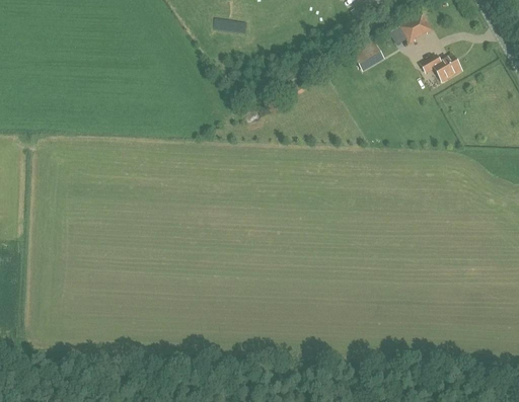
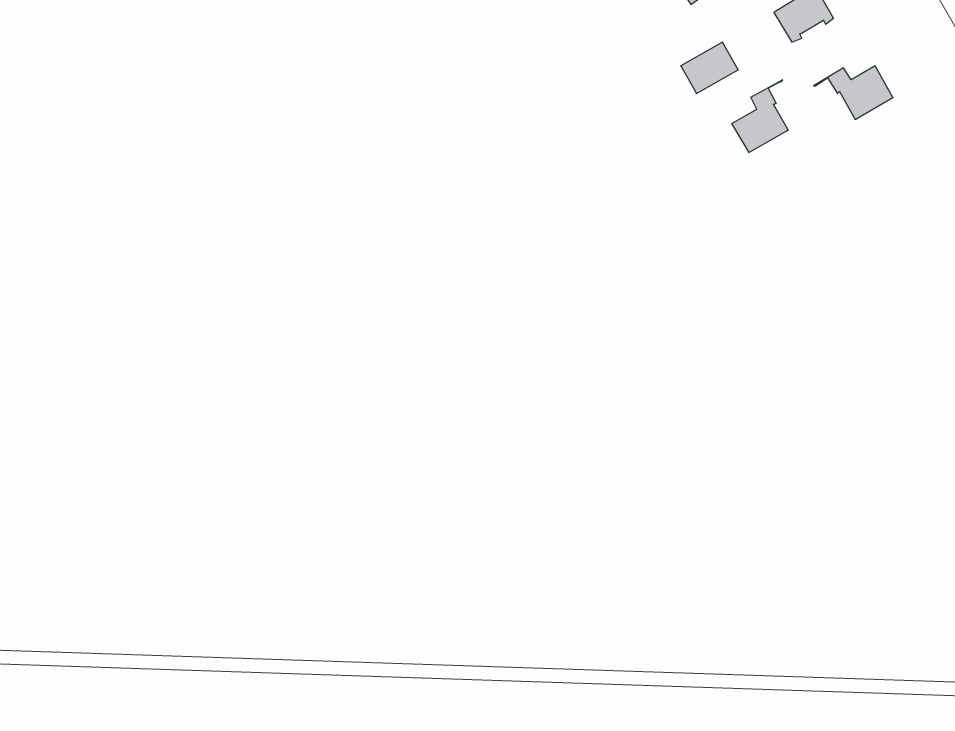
building: none -> [732,80,788,153]

